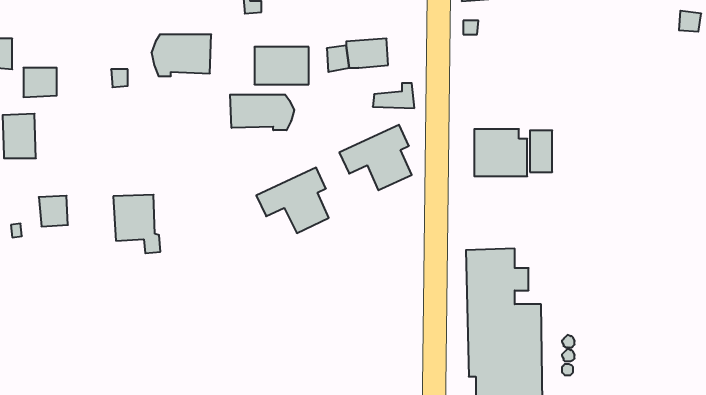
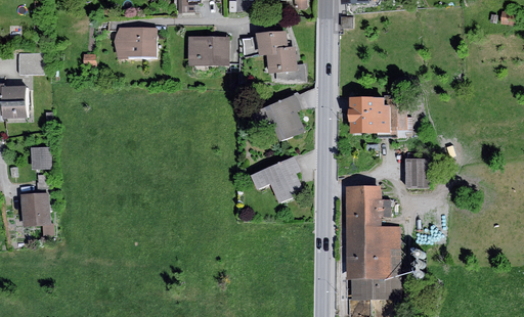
building: none -> [265,49,297,73]
building: [230,95,294,130] -> none
building: [256,168,329,233] -> [249,154,302,202]
building: [113,195,160,253] -> [19,192,54,235]
building: none -> [406,158,429,187]

